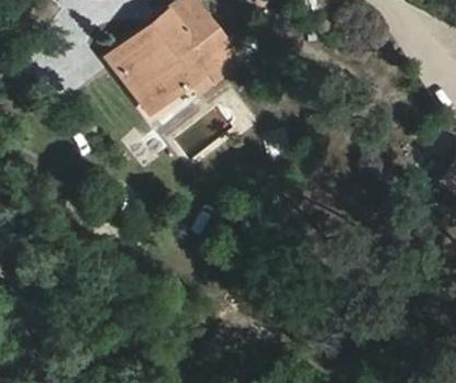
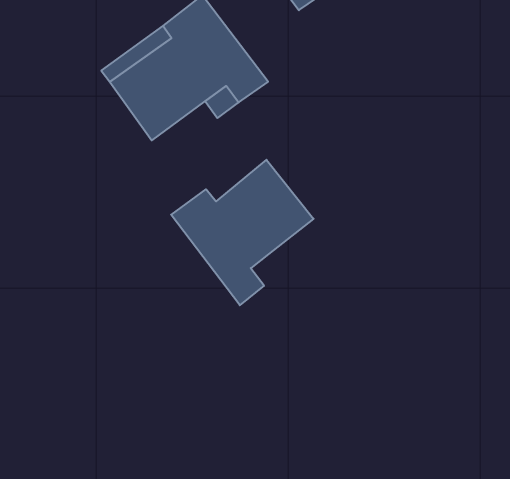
building: none -> [171,160,314,305]

